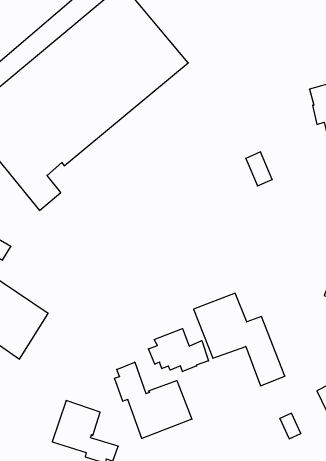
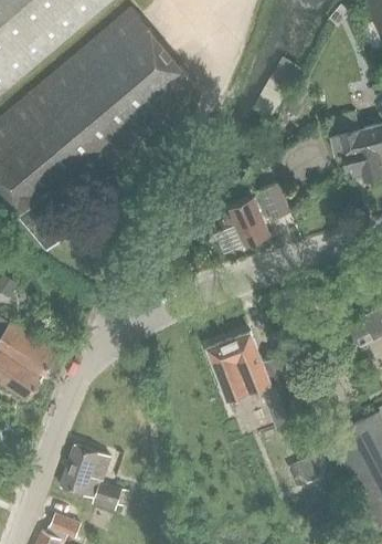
building: none -> [223,198,268,249]
building: [148,329,209,372] -> none
building: [114,362,192,438] -> none

